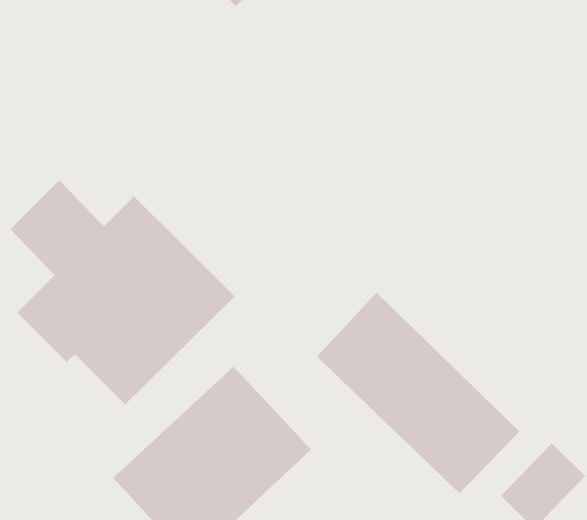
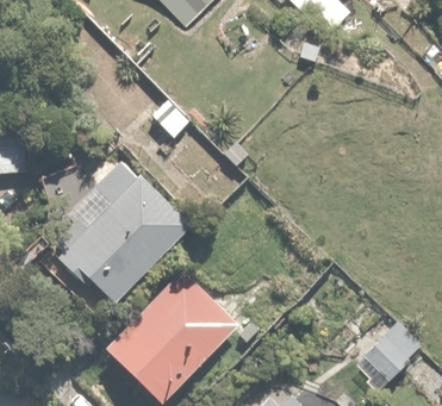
building: [316,292,520,494] -> none

